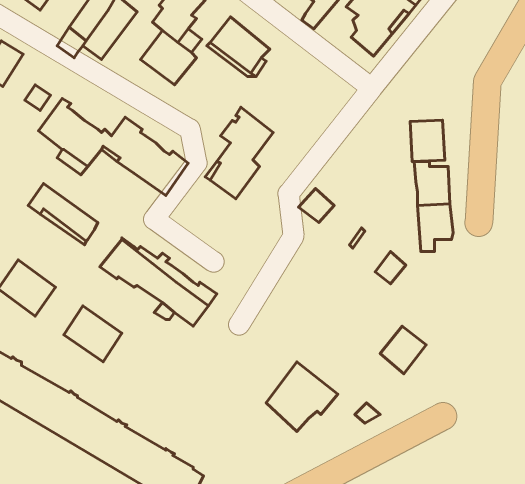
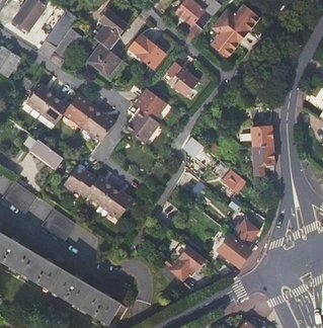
building: none -> [167,62,200,96]
building: [410,120,445,161] -> none
building: none -> [218,235,250,266]

